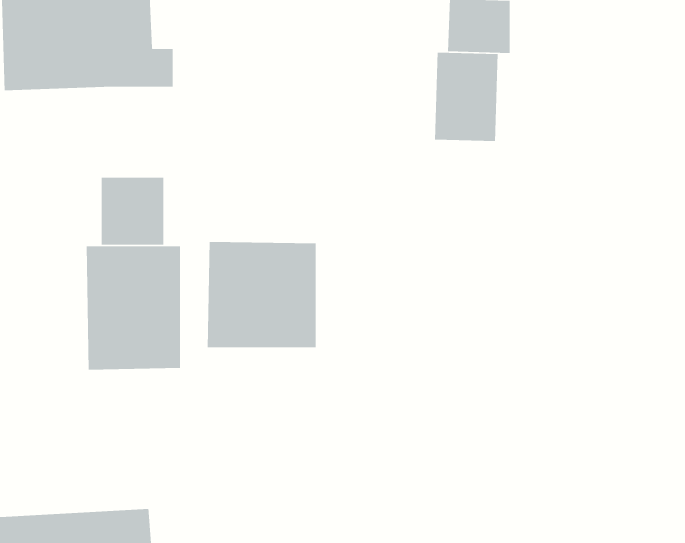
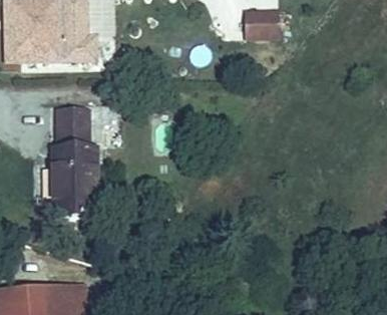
building: [434,52,499,142] -> none
building: [207,241,316,348] -> none

